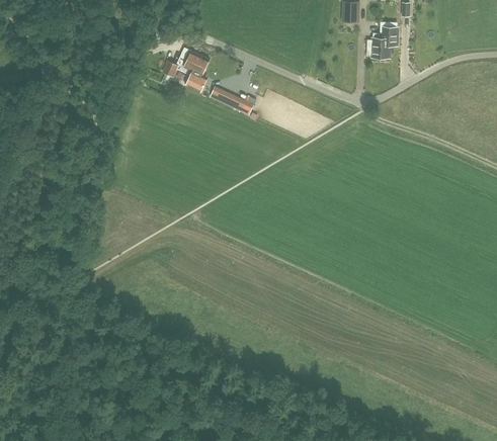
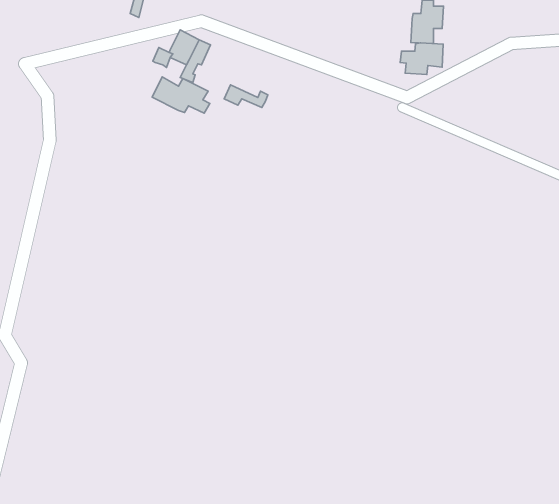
building: none -> [400,43,443,75]
building: none -> [152,77,210,113]

